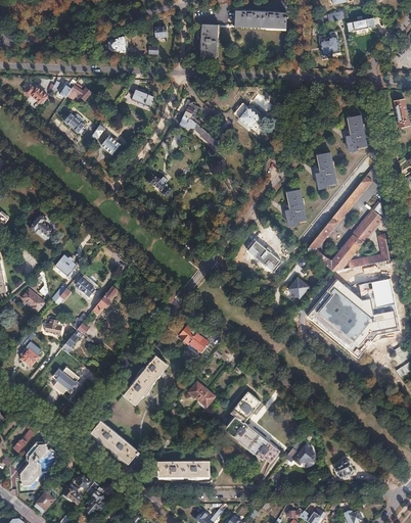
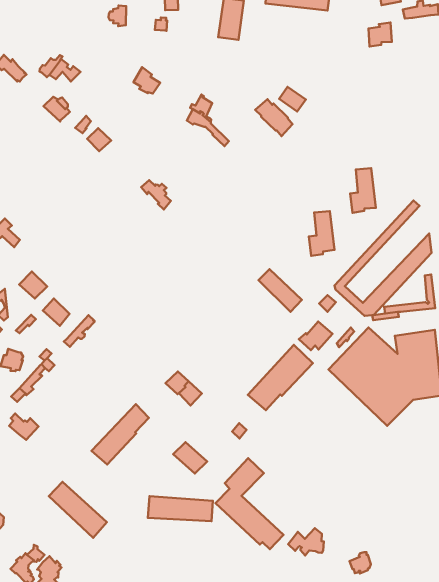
building: [347,115,367,152] -> none
building: none -> [248,345,313,410]
building: [158,461,210,478] -> [148,496,213,521]

